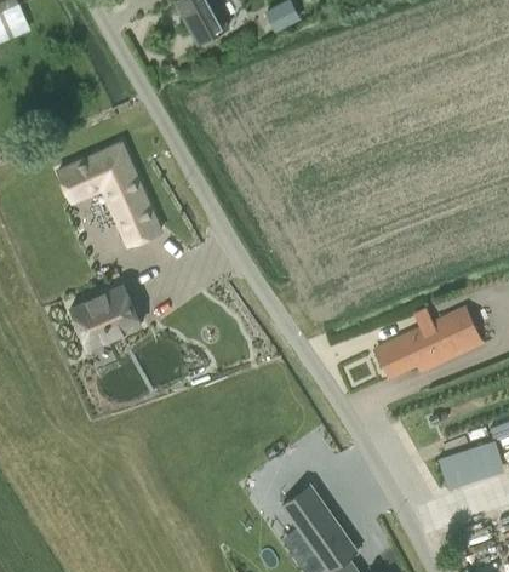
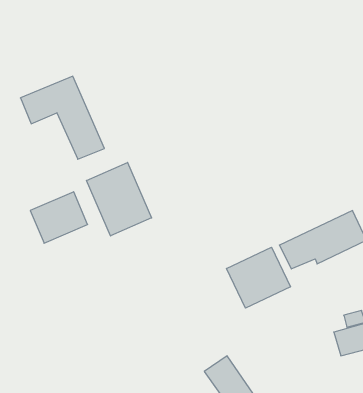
building: none -> [87,162,152,236]
building: none -> [227,247,290,308]

